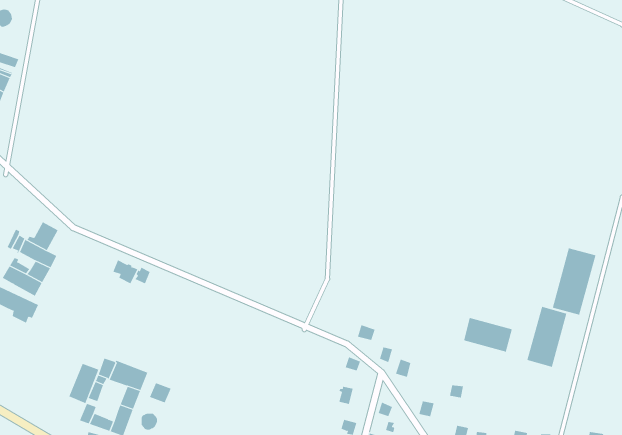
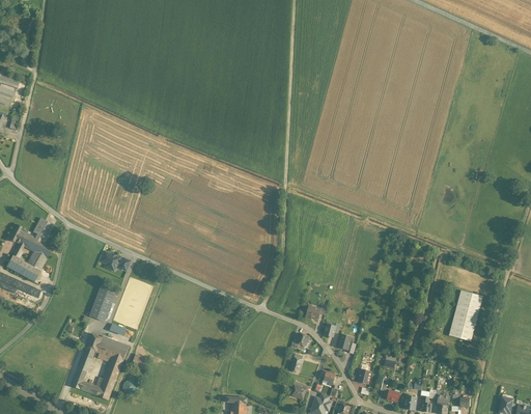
building: [552,248,596,315] -> none
building: [463,317,512,352] -> none
building: [69,363,99,404] -> [89,286,115,321]

